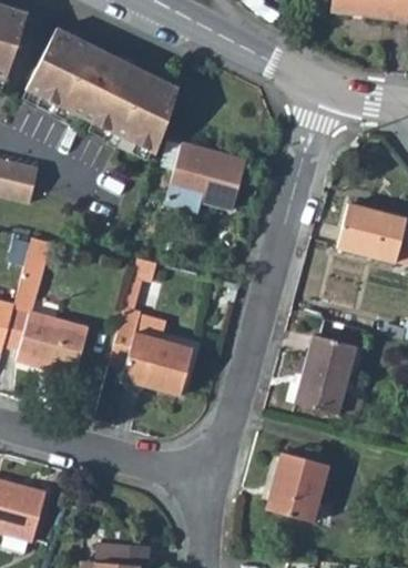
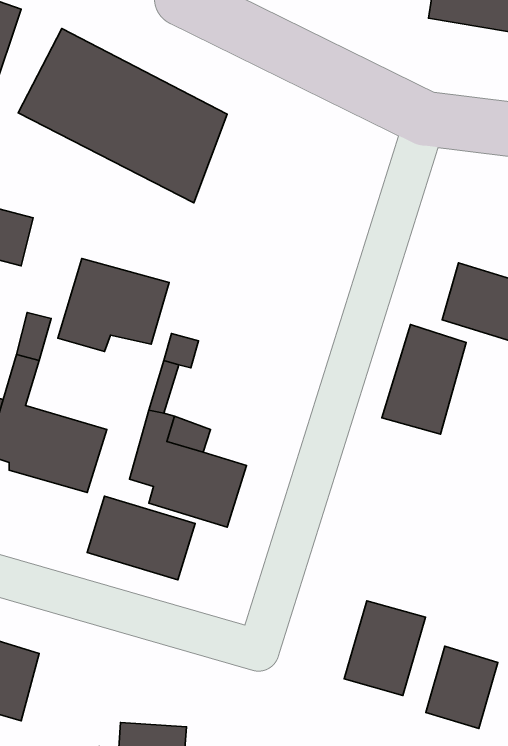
building: [163,140,245,209] -> [58,259,169,352]
building: [294,332,356,413] -> [382,325,466,434]
building: none -> [87,496,195,580]
building: none -> [426,646,498,729]

